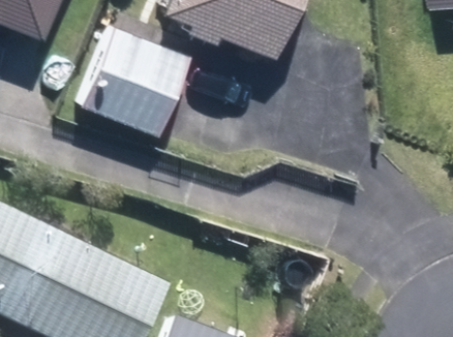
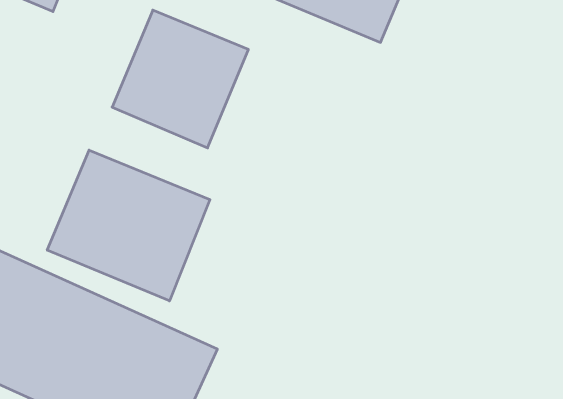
building: none -> [47,150,210,301]

